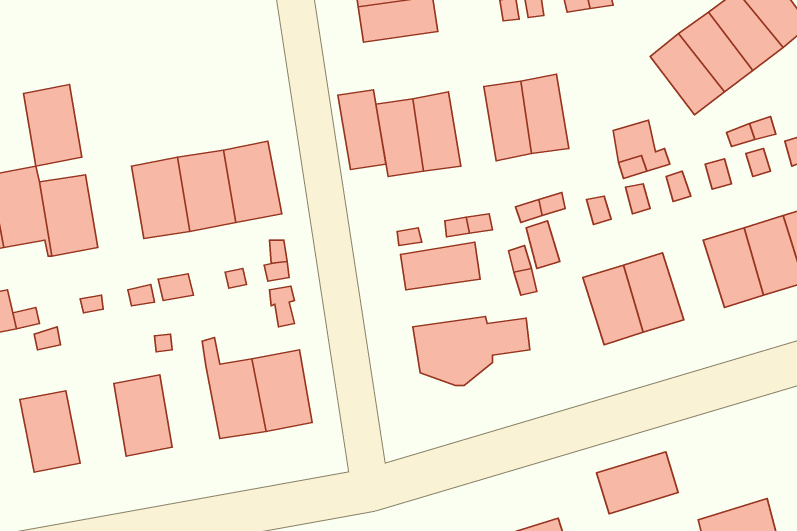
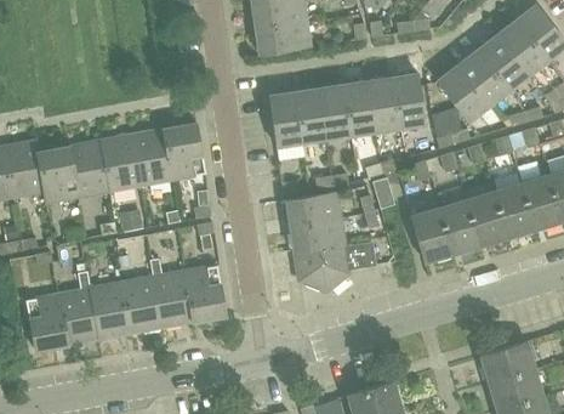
building: none -> [437,64,486,119]
building: none -> [392,73,425,127]
building: [23,85,82,166] -> [69,140,109,195]
building: [338,90,386,169] -> [318,85,351,140]
building: none -> [465,191,507,245]
building: none -> [289,217,343,250]
building: none -> [56,272,97,344]
building: none -> [120,277,161,333]
building: [597,452,678,514] -> [480,340,536,382]

